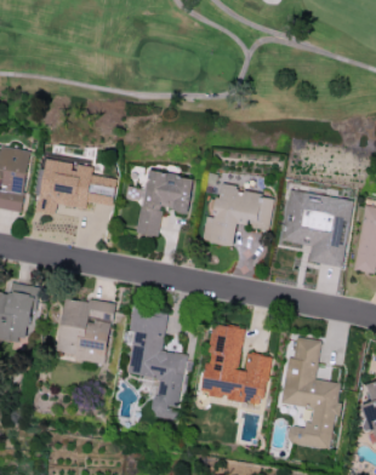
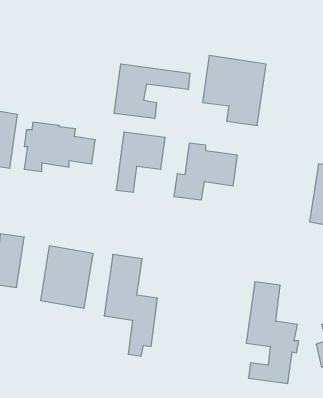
building: none -> [114,64,190,119]
building: [281,190,352,268] -> [203,55,266,125]
building: [201,325,270,406] -> none

